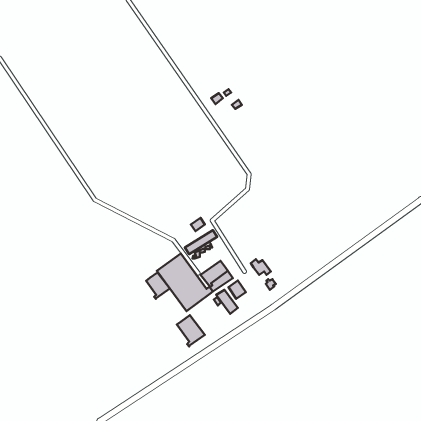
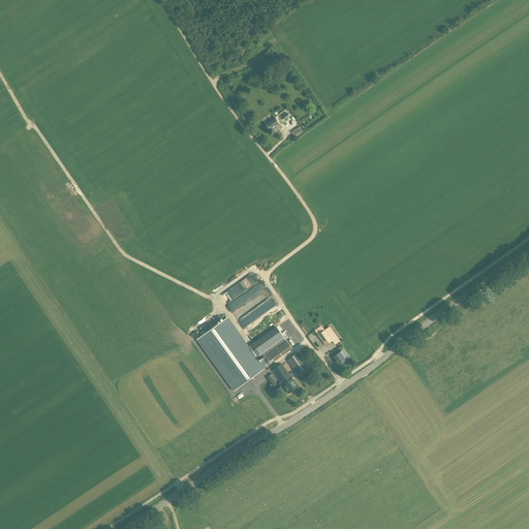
building: [146,272,170,299] -> none
building: [177,315,205,346] -> none

